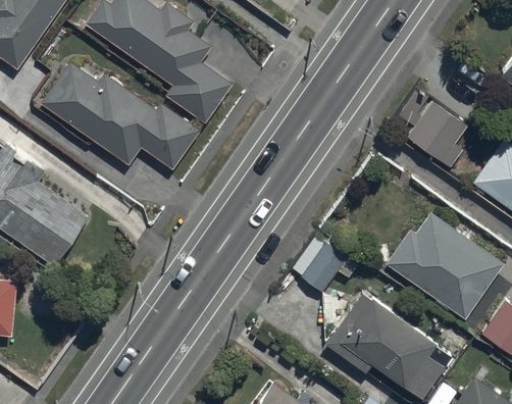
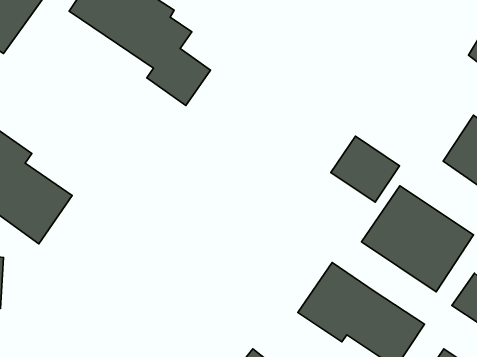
building: [40,65,199,173] -> none
building: [404,98,475,166] -> [331,136,400,202]
building: [297,239,349,293] -> none

